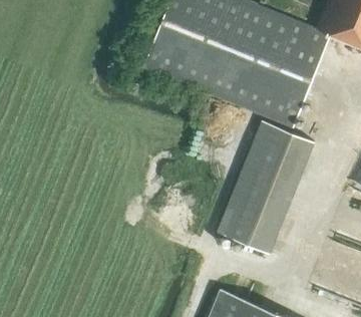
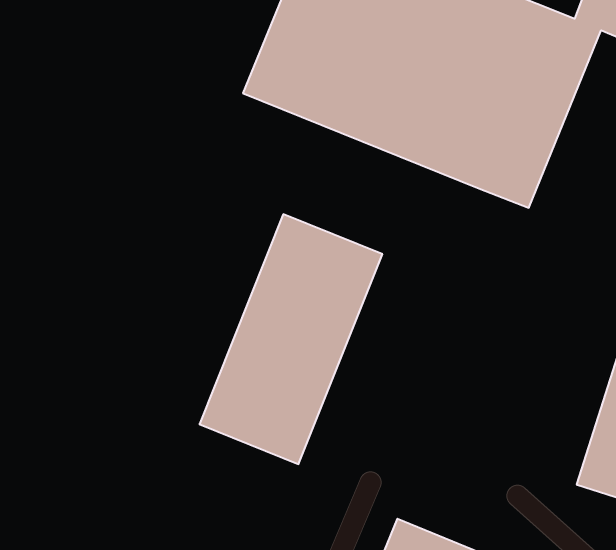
building: [217,120,313,252] -> [199,214,382,464]

